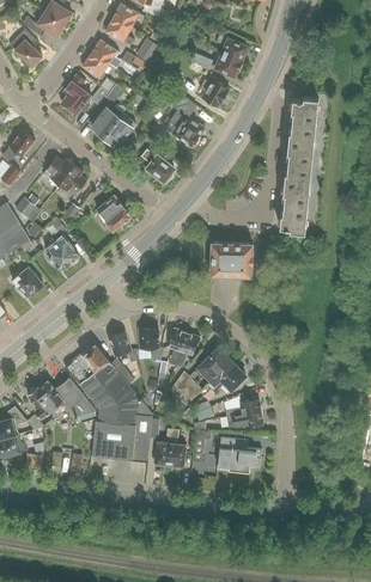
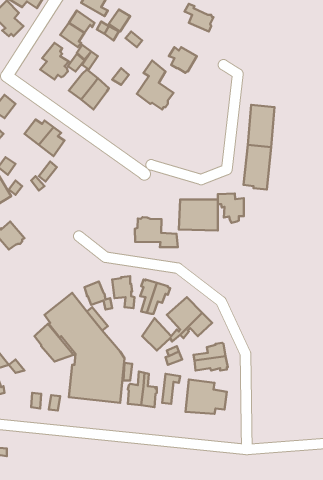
building: [191,53,243,76] -> none
building: [288,97,318,143] -> none
building: [138,148,175,182] -> none
building: [97,195,130,229] -> none
building: [45,235,79,270] -> none
building: none -> [218,193,244,223]
building: none -> [135,217,178,247]
building: [29,381,62,416] -> none

